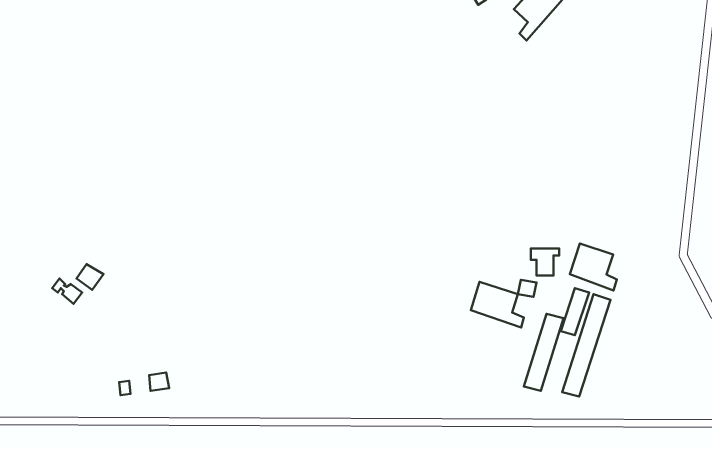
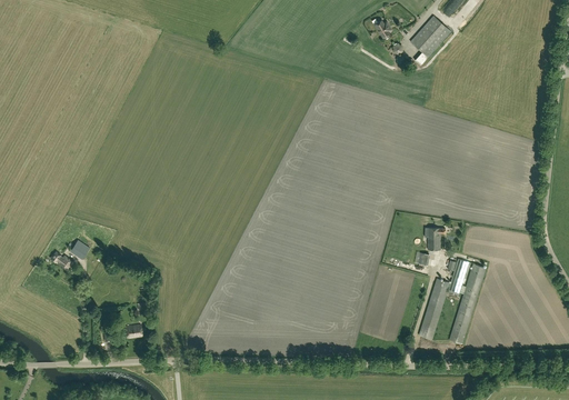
building: [570,243,617,290] -> none
building: [471,282,524,327] -> none

